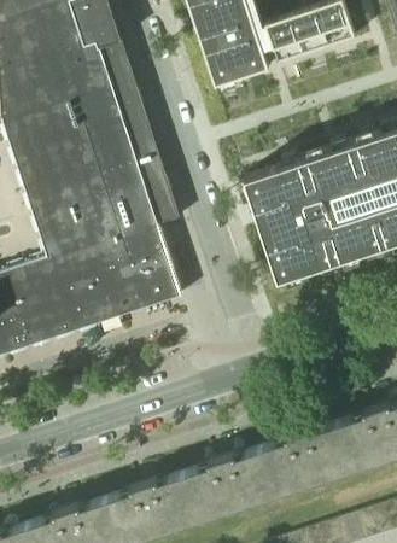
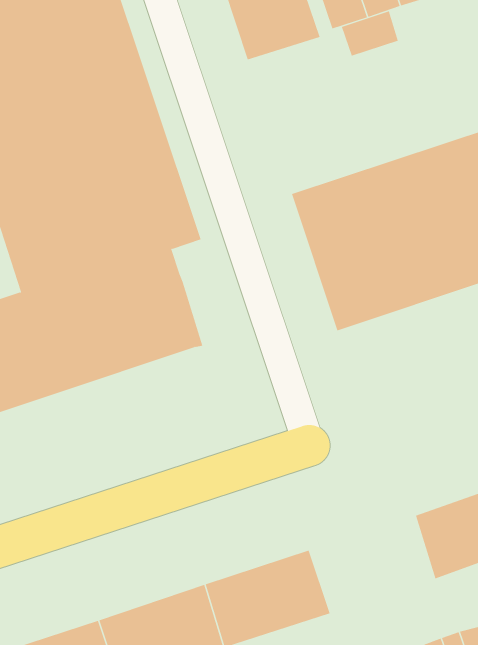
building: none -> [341,10,399,57]
building: [259,421,352,494] -> none

